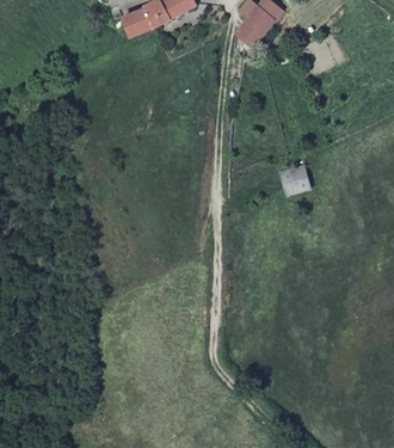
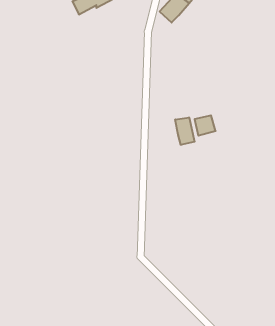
building: none -> [175,117,195,145]

